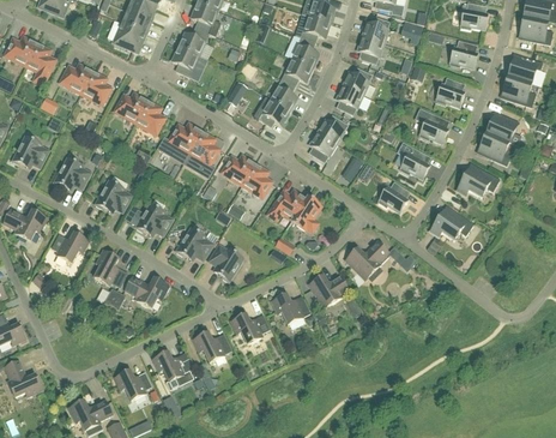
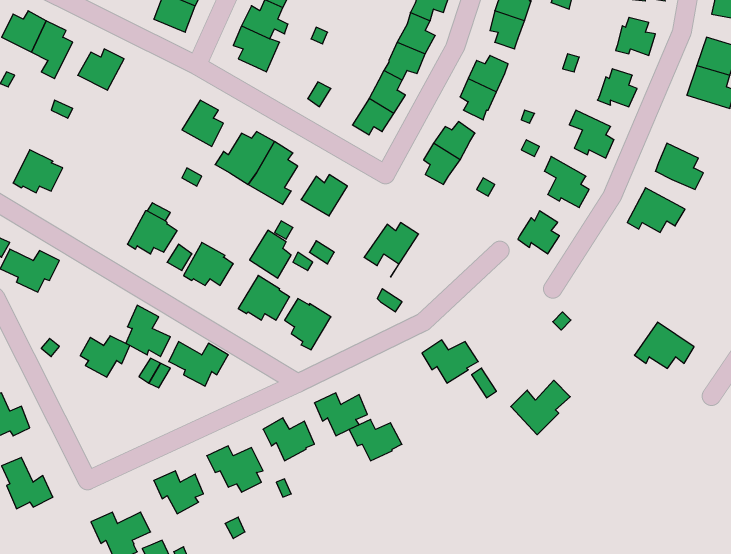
building: [81,70,111,103] -> none
building: [115,91,149,121] -> none
building: [486,112,521,144] -> none
building: [54,157,91,188] -> none
building: [242,162,272,197] -> [250,230,291,278]
building: [286,196,322,229] -> none
building: [430,205,473,239] -> [634,322,694,368]
building: [53,232,89,262] -> [80,336,130,377]
building: [346,239,389,278] -> [511,380,570,435]
building: [272,293,310,323] -> [349,419,402,461]

